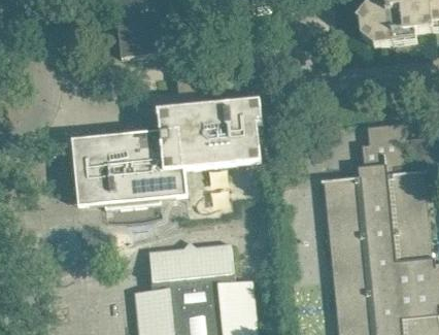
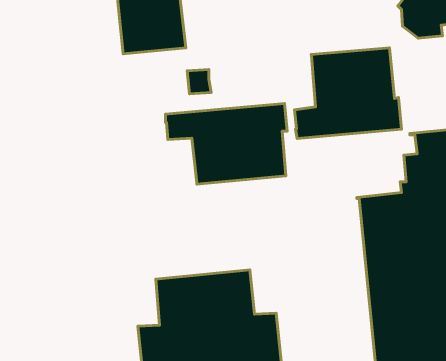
building: none -> [294,48,401,139]
building: [72,130,188,208] -> none

